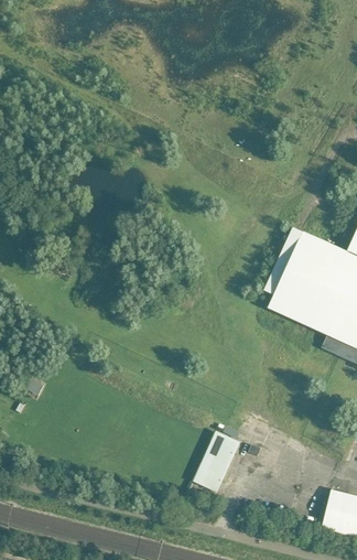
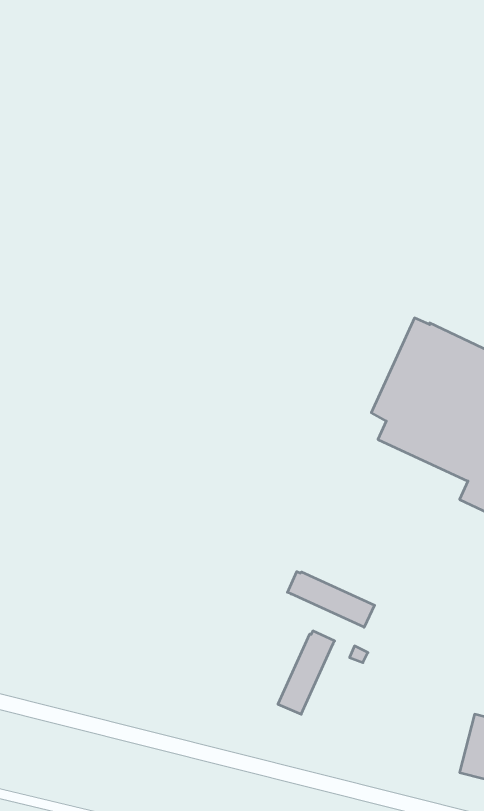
building: none -> [287,572,375,627]

